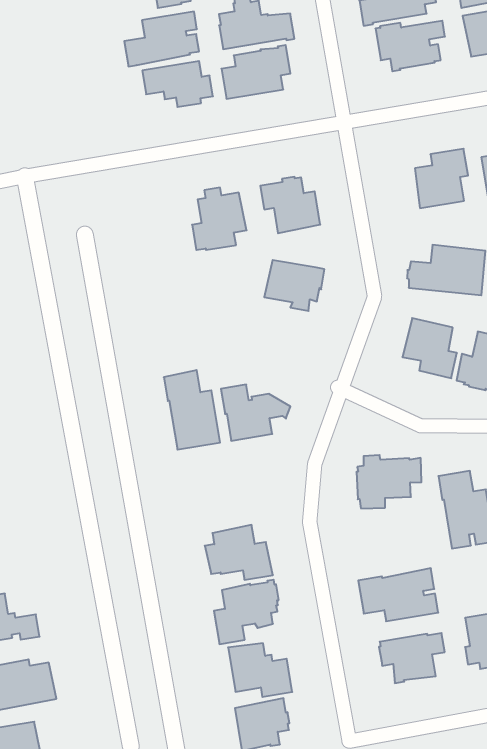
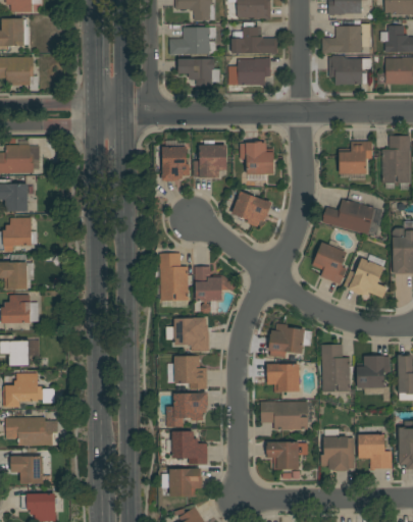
building: none -> [161,141,190,181]
building: none -> [165,318,209,352]
building: none -> [266,364,299,393]

